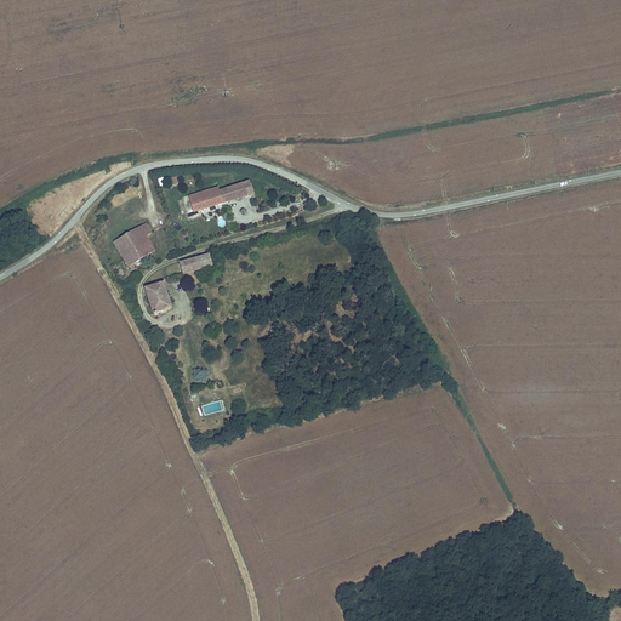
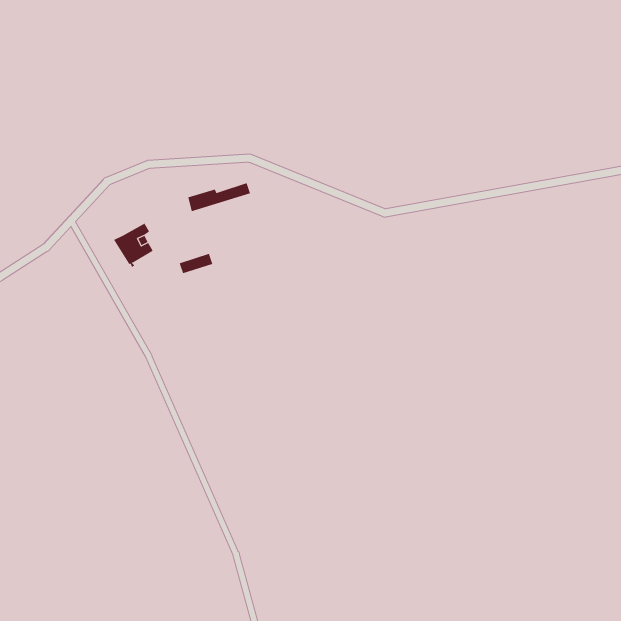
building: [143,280,171,312] -> none

